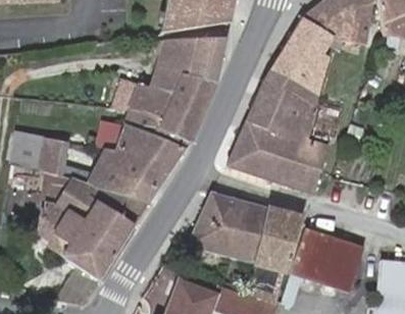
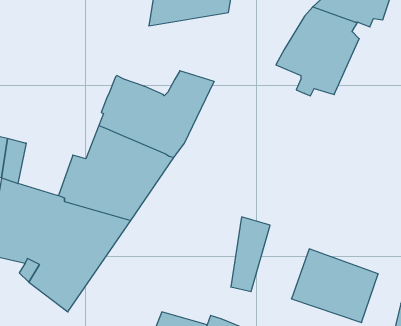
building: [160,40,229,96] -> none
building: [224,69,331,189] -> none
building: [185,191,244,260] -> none
building: [252,207,300,273] -> none

